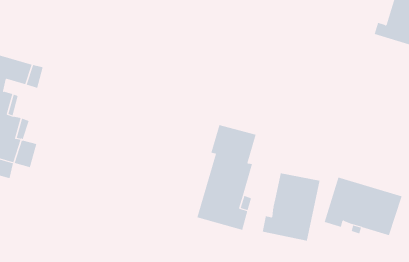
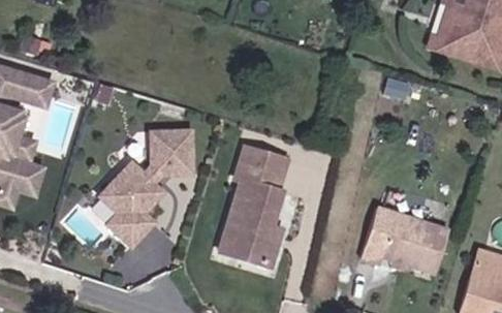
building: none -> [99,128,193,246]
building: [262,172,320,242] -> none

